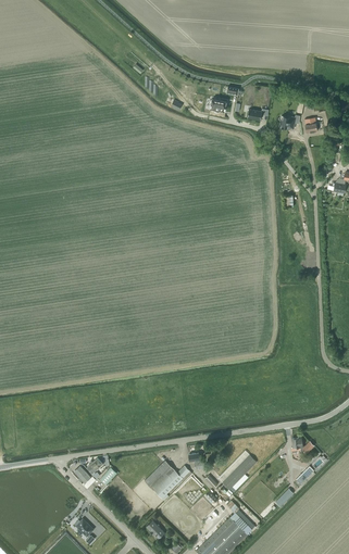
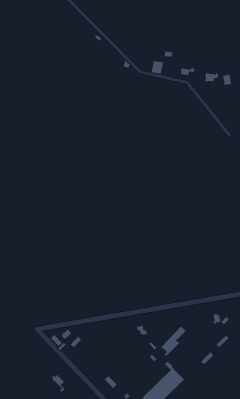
building: [144,461,189,499] -> none

